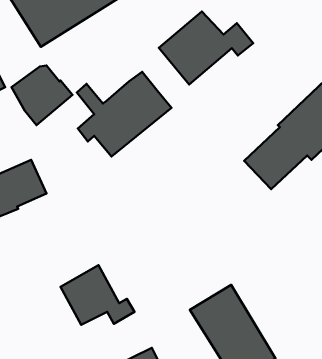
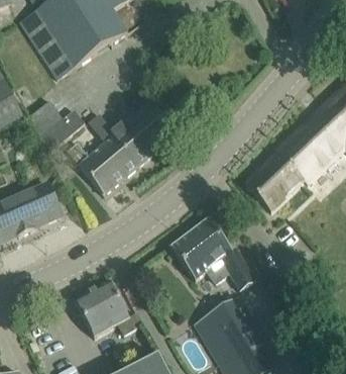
building: [159,11,253,85] -> none
building: none -> [68,143,121,195]
building: none -> [170,218,255,288]

